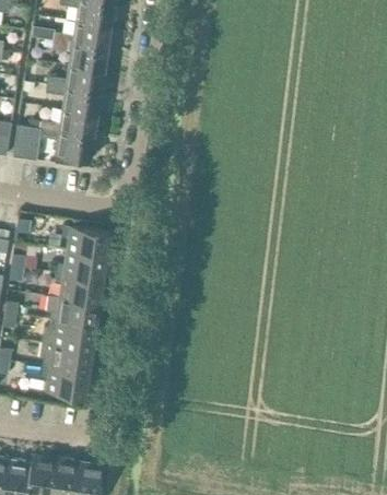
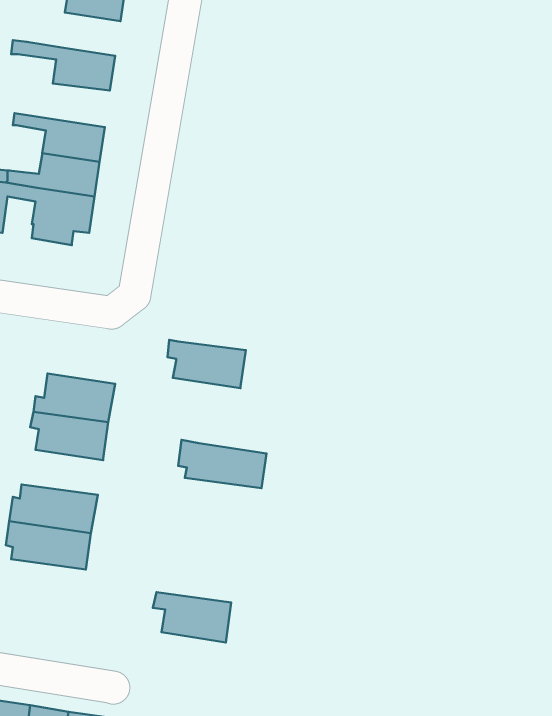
building: [51,22,110,49] -> none
building: [44,67,104,94] -> none
building: [61,225,110,256] -> [168,340,246,388]
building: [44,295,99,326] -> [178,440,267,488]
building: [39,366,89,398] -> [153,592,231,642]

